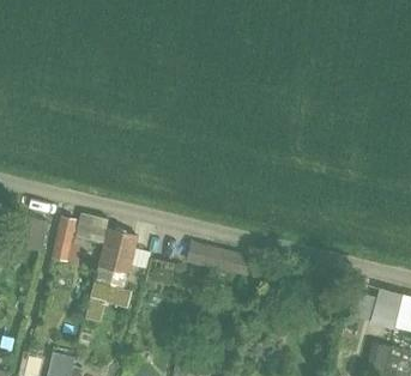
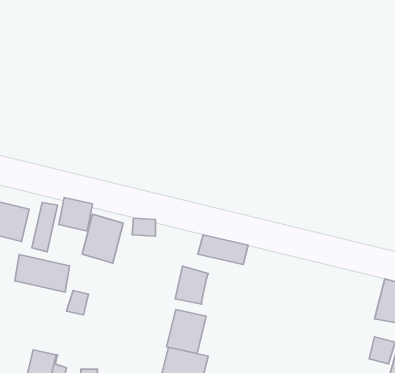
building: none -> [15,255,70,292]
building: none -> [175,266,208,304]
building: none -> [167,310,206,353]

